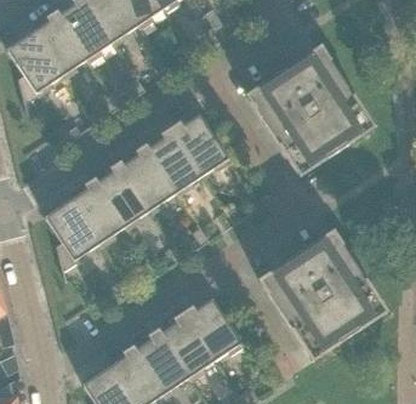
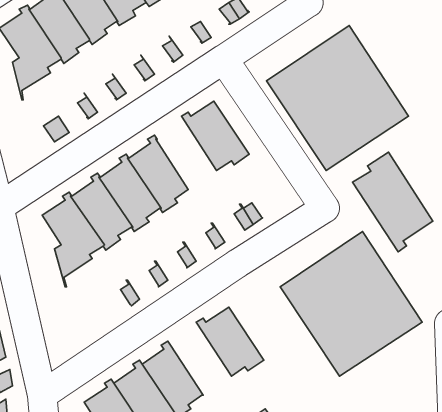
building: [146,126,200,195] -> none
building: none -> [353,152,433,252]
building: [159,311,213,380] -> none

